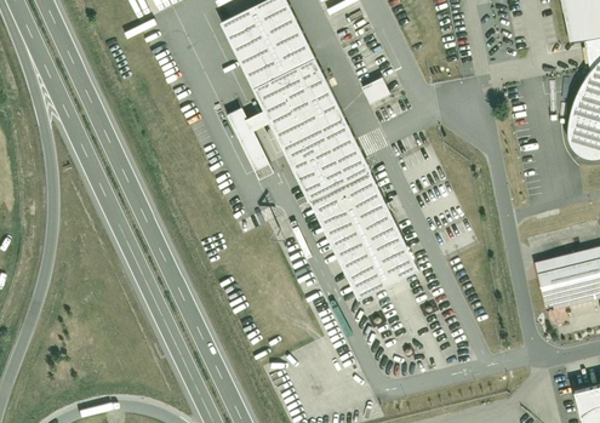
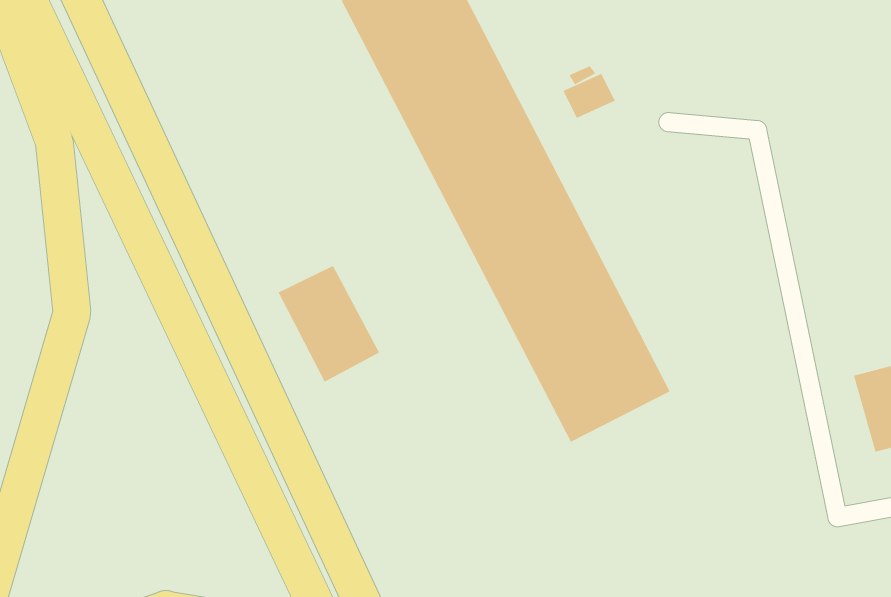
building: none -> [278,265,380,383]

